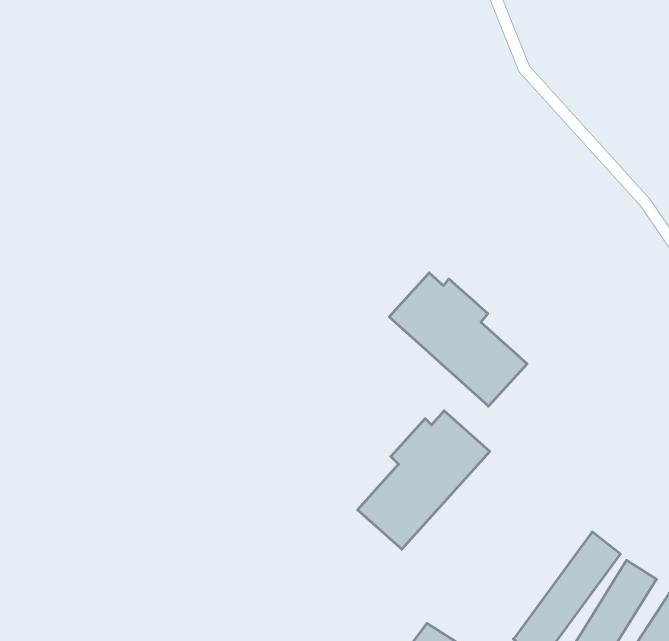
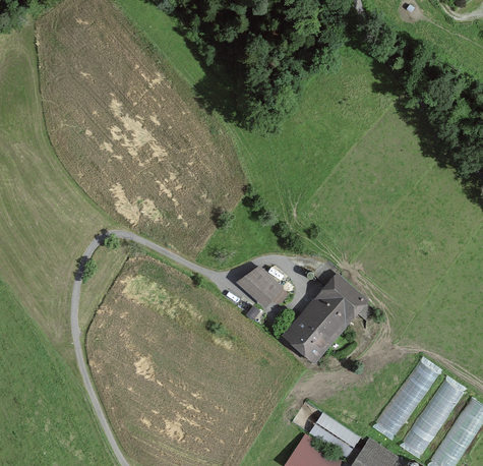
building: [389,273,527,406] -> none
building: none -> [236,268,284,307]

